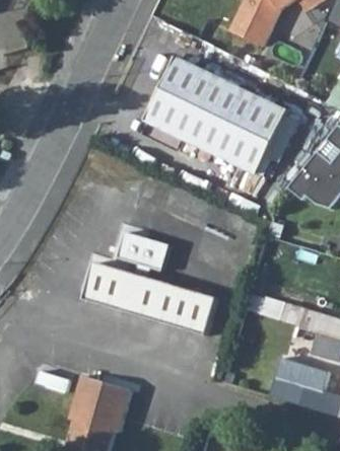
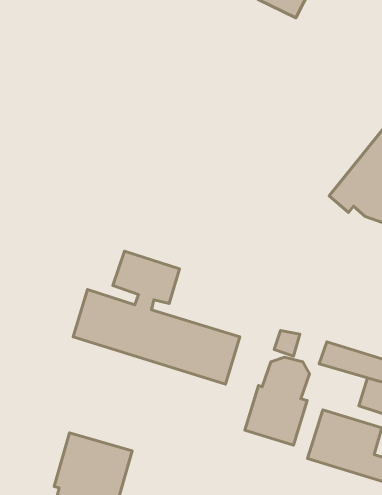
building: [144,56,285,173] -> none
building: none -> [245,357,309,445]

